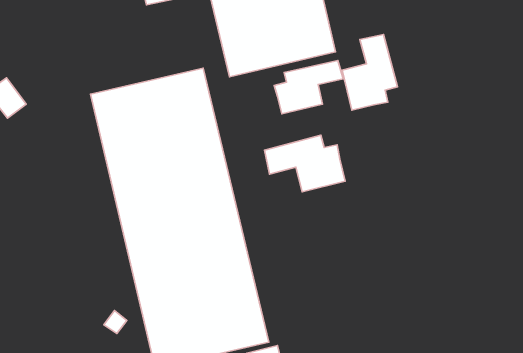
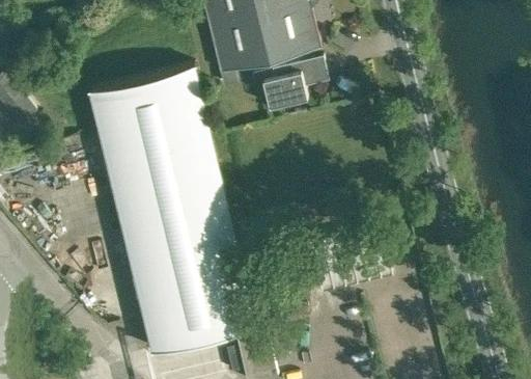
building: [342,35,397,110] -> none
building: [265,135,345,192] -> none

